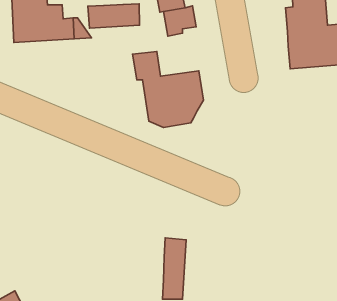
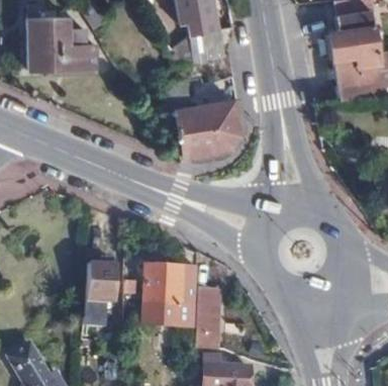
building: [88,4,139,28] -> none
building: none -> [84,266,117,321]
building: none -> [144,267,197,332]

